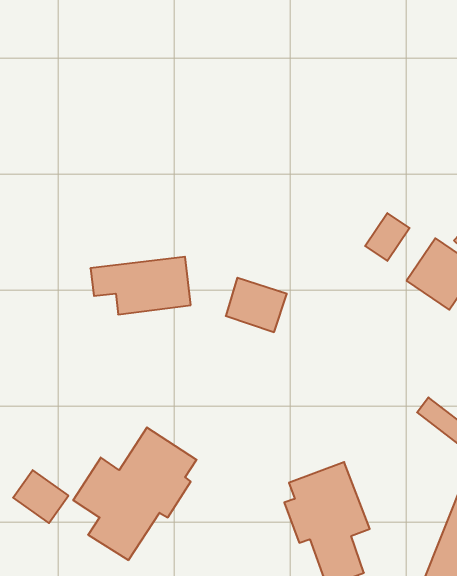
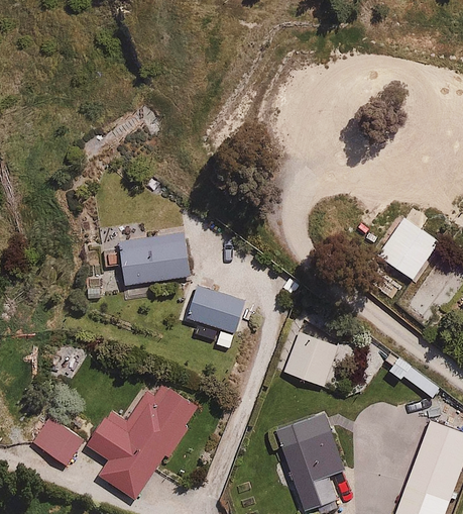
building: [365,213,410,261] -> none
building: [226,278,287,332] -> [189,287,242,334]
building: none -> [281,333,337,388]

